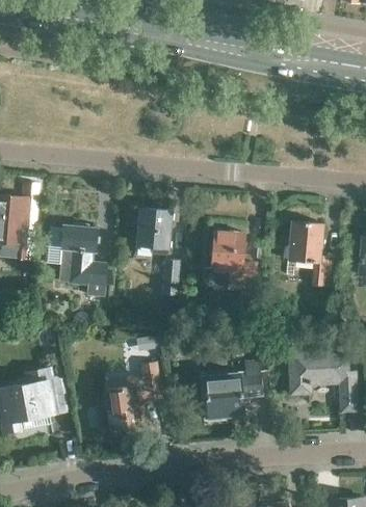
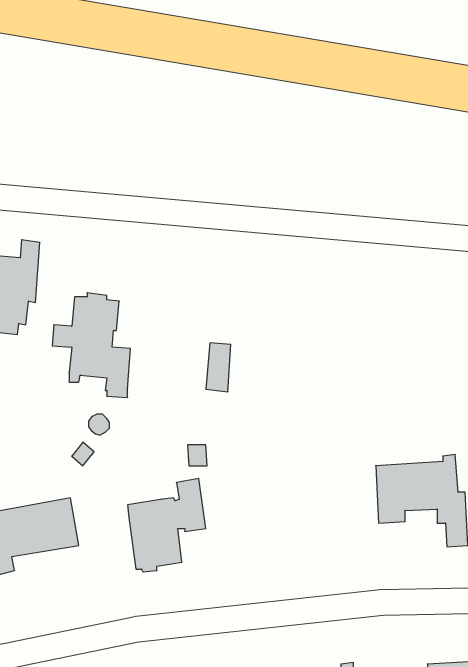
building: [136,208,171,256] -> none
building: [288,221,331,288] -> none
building: [210,231,257,292] -> none
building: [204,371,261,421] -> none

